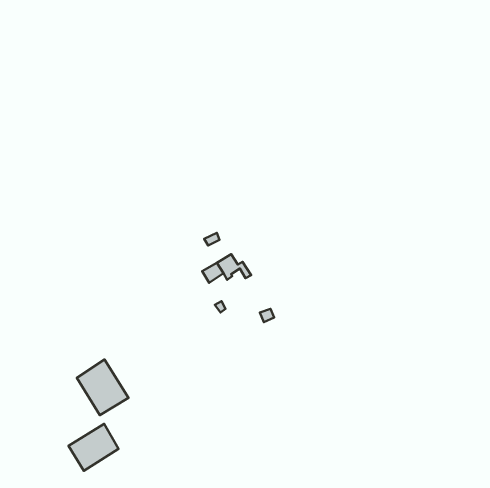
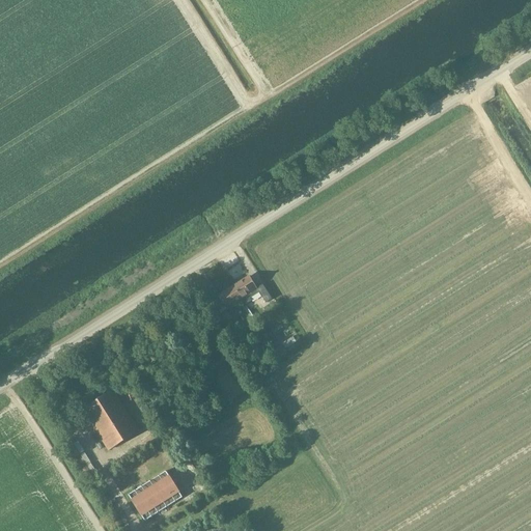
building: [69,424,119,471] -> [128,470,181,521]

